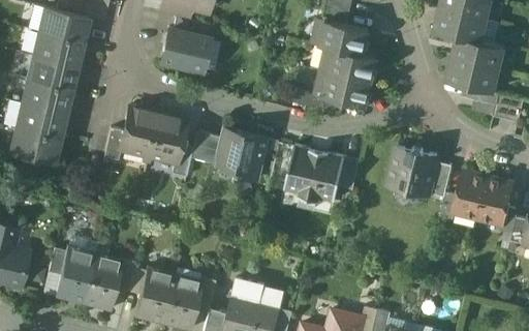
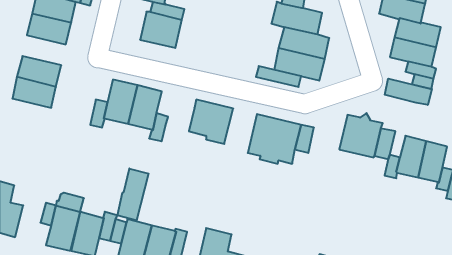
building: [27,56,76,90] -> none
building: none -> [385,79,432,105]
building: [9,128,60,162] -> none
building: [190,132,223,166] -> none
building: none -> [117,168,149,221]

